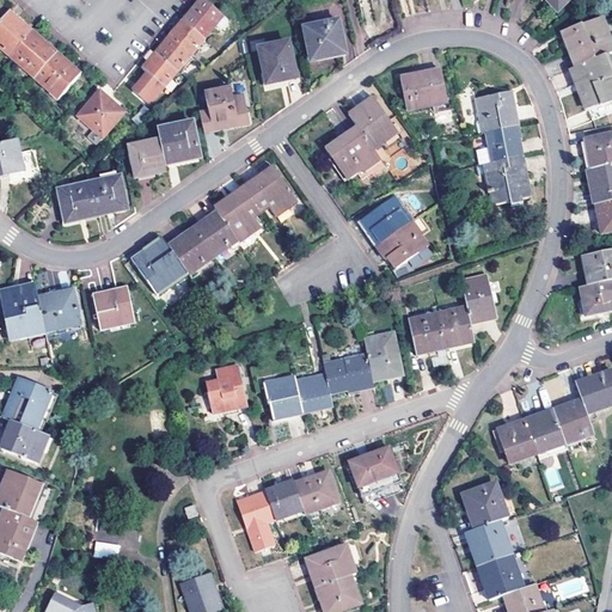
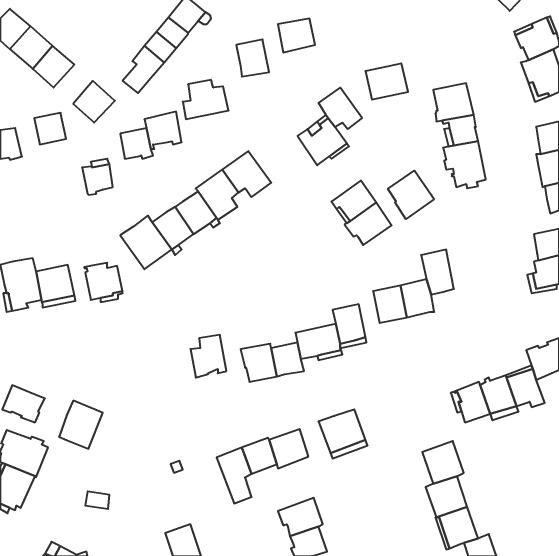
building: [61,183,96,218] -> [34,113,66,144]
building: none -> [388,171,434,219]
building: [5,378,53,430] -> [59,401,103,449]

